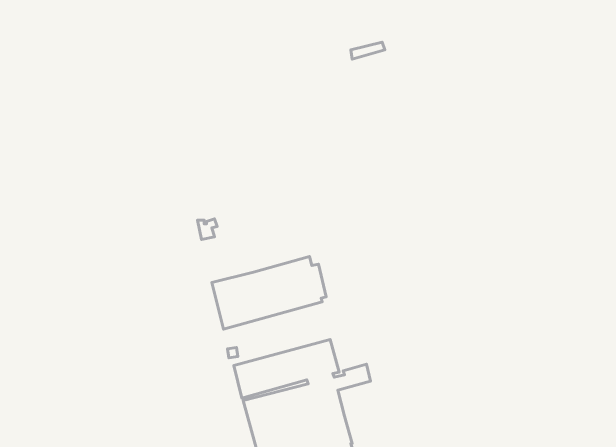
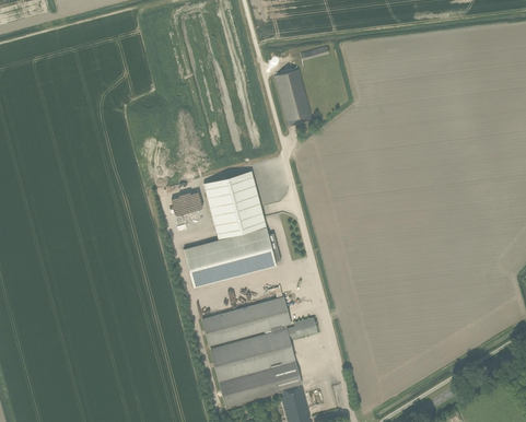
building: none -> [274,68,312,125]
building: none -> [203,171,266,239]

